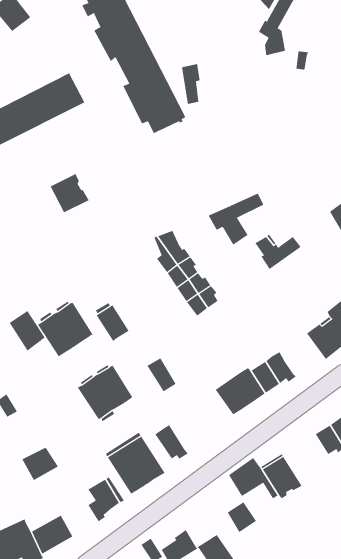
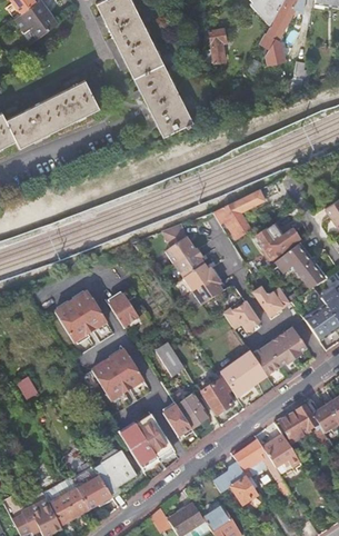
building: [181,64,200,104] -> [210,24,228,62]
building: [50,173,90,213] -> none
building: none -> [275,241,326,289]
building: none -> [253,287,290,317]
building: [9,310,45,351] -> none
building: none -> [223,302,260,331]
building: none -> [279,328,306,360]
building: none -> [200,378,232,415]
building: none -> [178,394,207,427]
building: none -> [280,405,327,443]
building: [22,447,59,481] -> [77,477,111,508]

